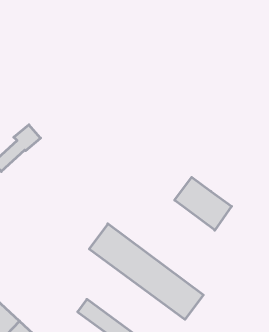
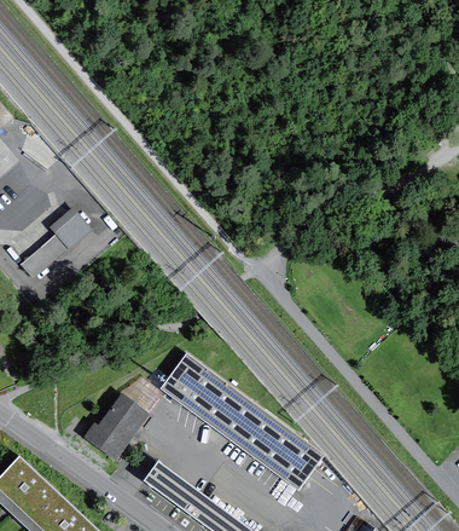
building: [175,177,232,230] -> none
building: none -> [86,383,153,456]

